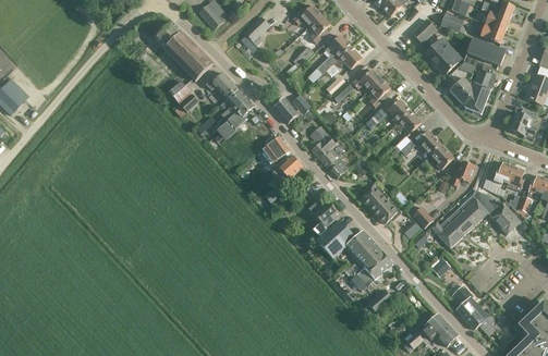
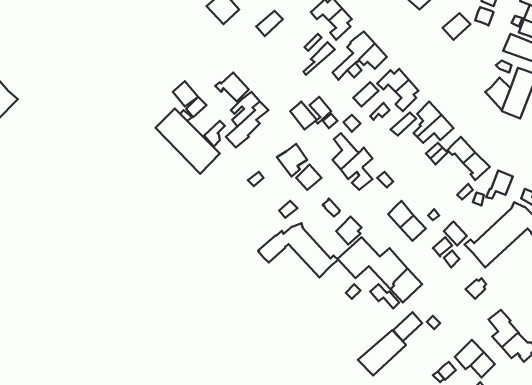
building: [155,22,212,81] -> [156,109,220,174]
building: [424,38,459,74] -> none
building: none -> [258,223,338,277]
building: none -> [358,330,406,376]

